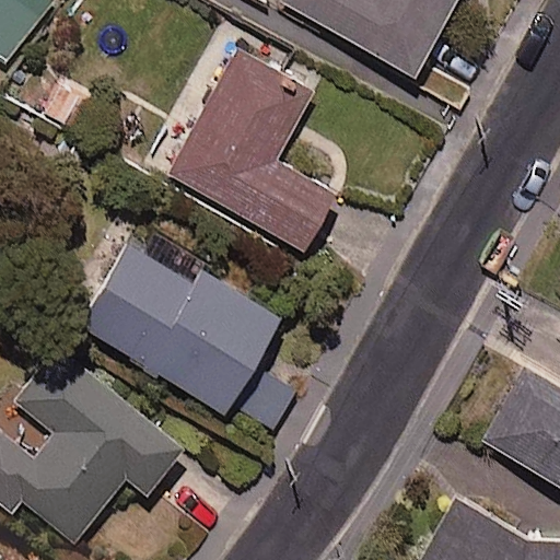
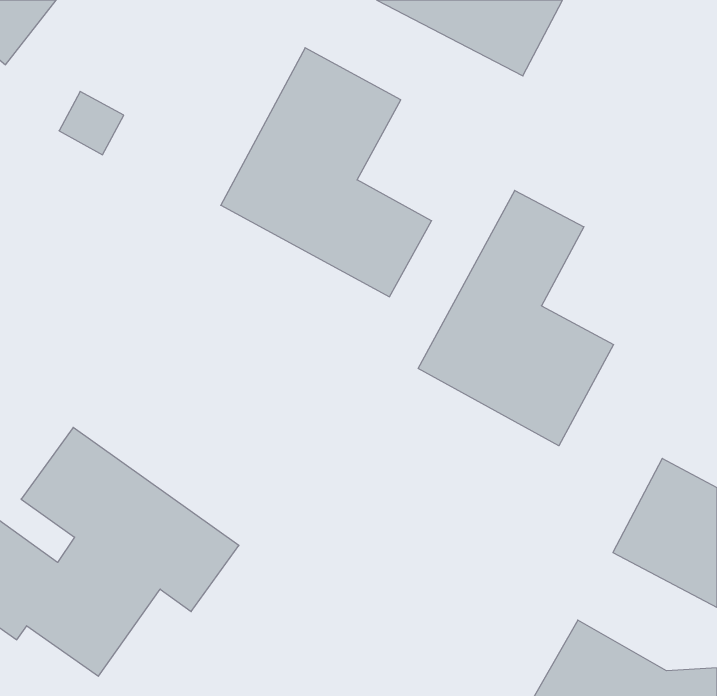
building: none -> [418,190,614,446]
building: [83,229,280,406] -> none

